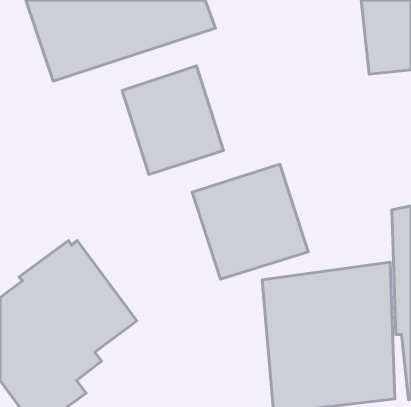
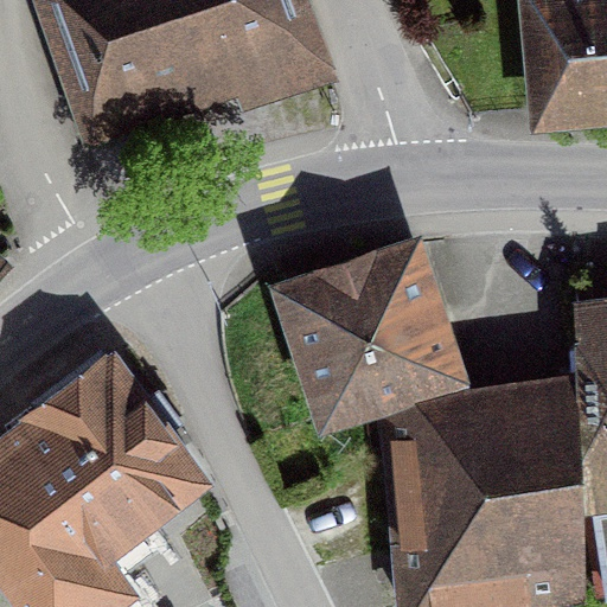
building: [122,66,224,175] -> none

